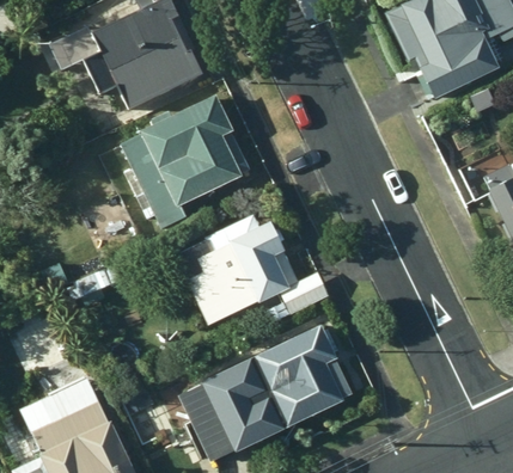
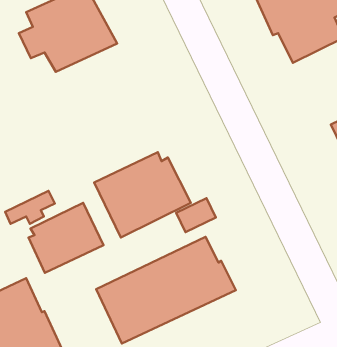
building: [116,93,254,231] -> none
building: none -> [29,203,104,273]

